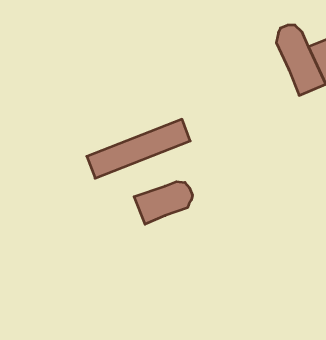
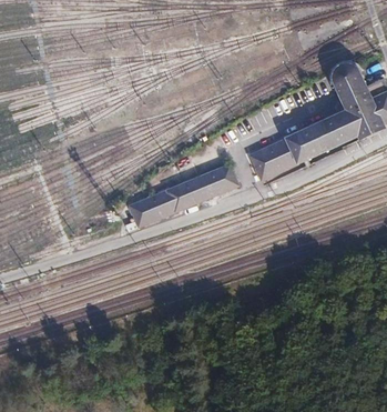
building: none -> [247,111,355,183]
building: [134,182,192,224] -> none

